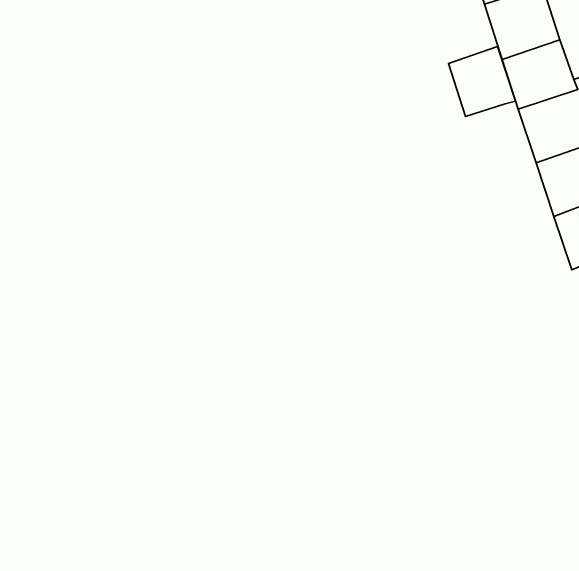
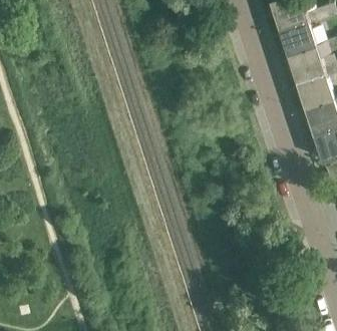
building: [448,47,516,117] -> none

